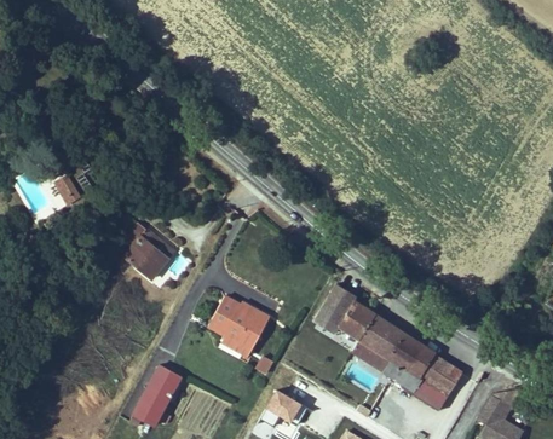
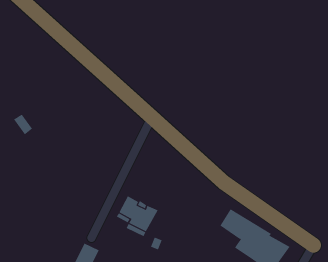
building: [121,219,174,278] -> none
building: [311,283,374,340] -> none

